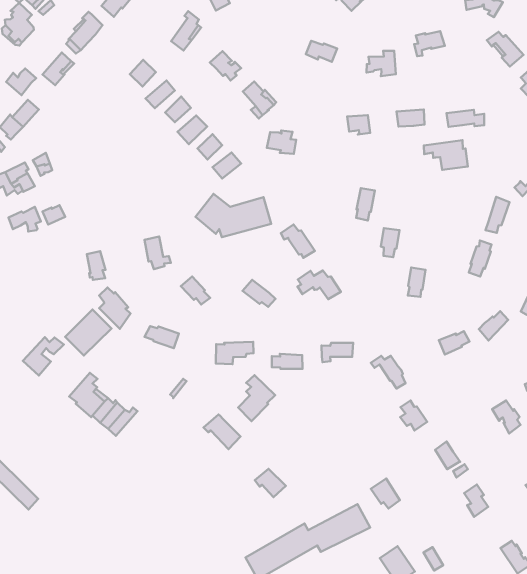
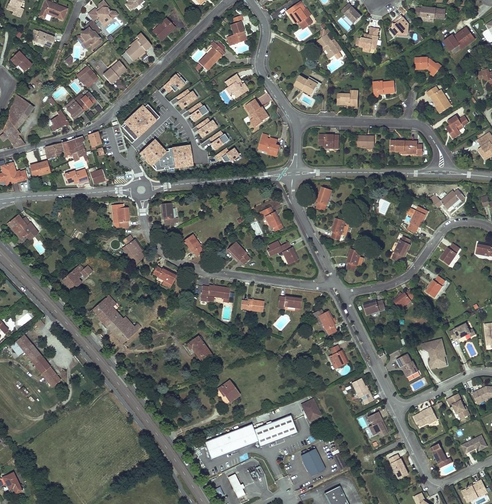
building: none -> [120,103,160,141]
building: [424,140,468,170] -> none
building: [196,194,271,237] -> [138,139,192,171]
building: [65,309,111,356] -> none
building: [238,375,275,421] -> none

